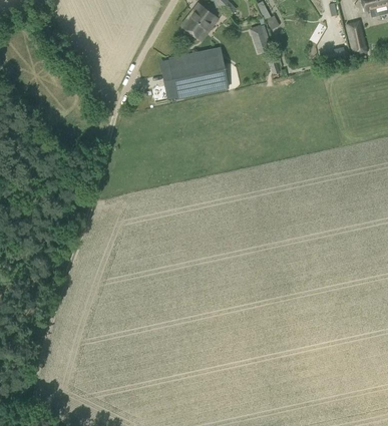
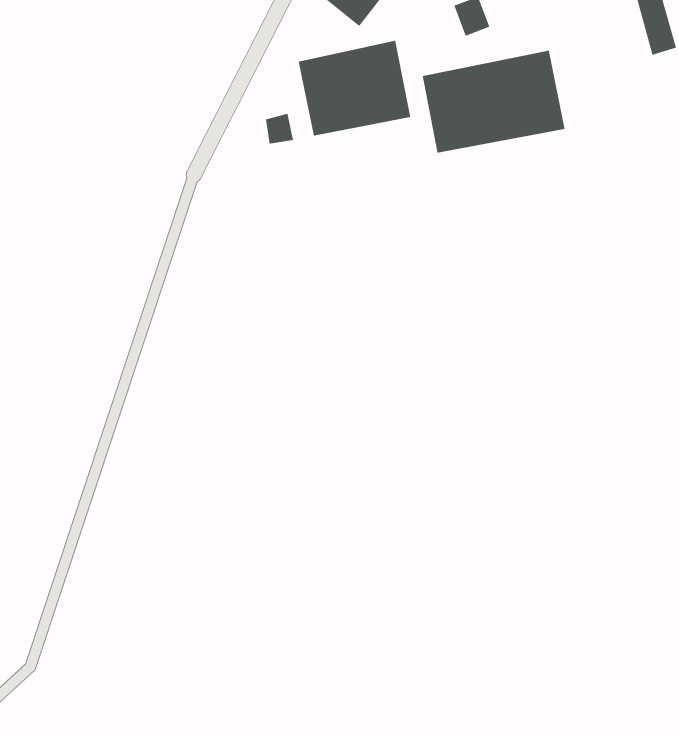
building: none -> [422,50,565,153]

